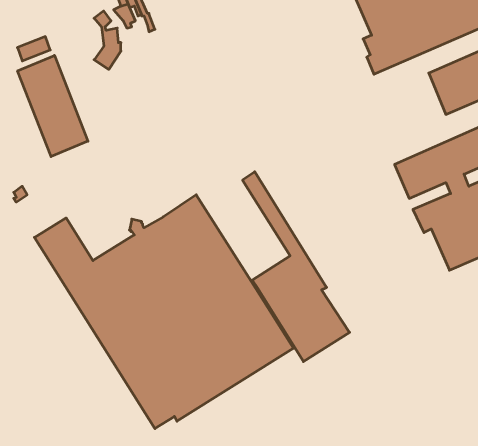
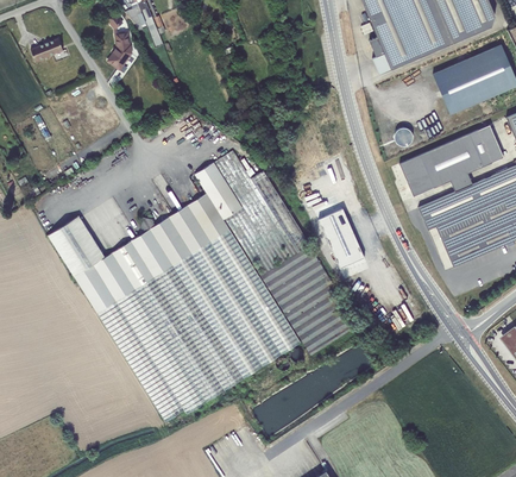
building: [18,55,88,157] -> none
building: none -> [194,150,297,284]
building: none -> [319,208,364,268]

